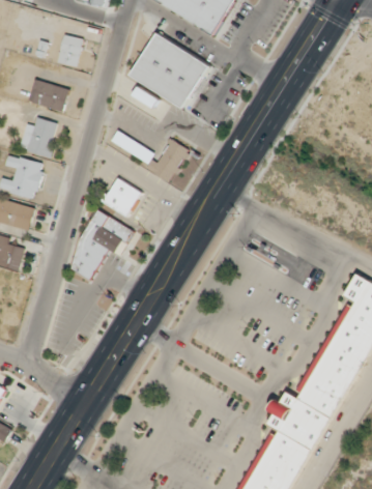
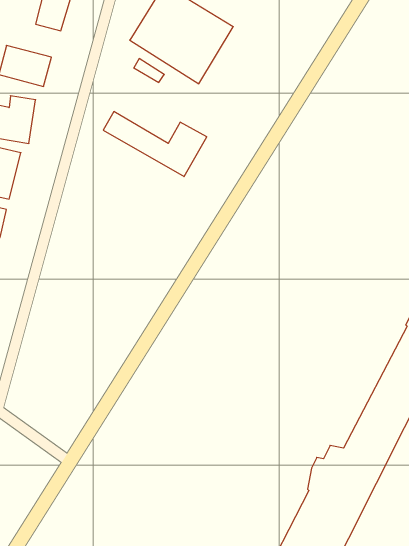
building: [104,177,144,218] -> none
building: [67,210,135,281] -> none

